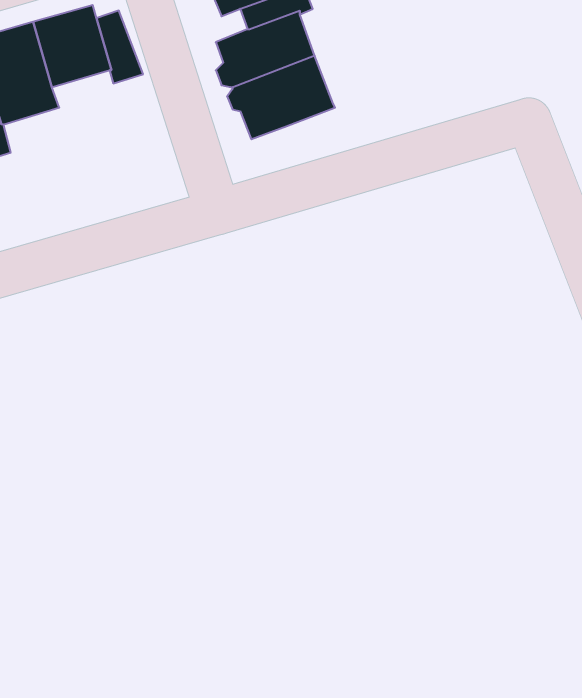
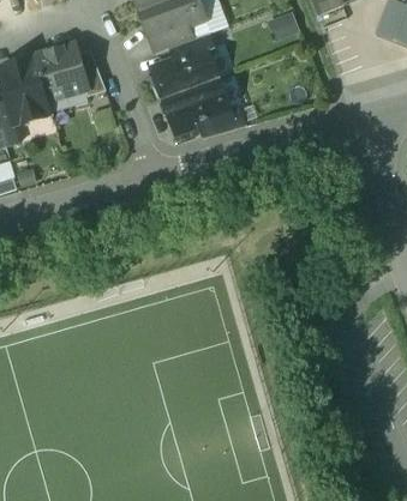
building: none -> [198,105,245,138]

